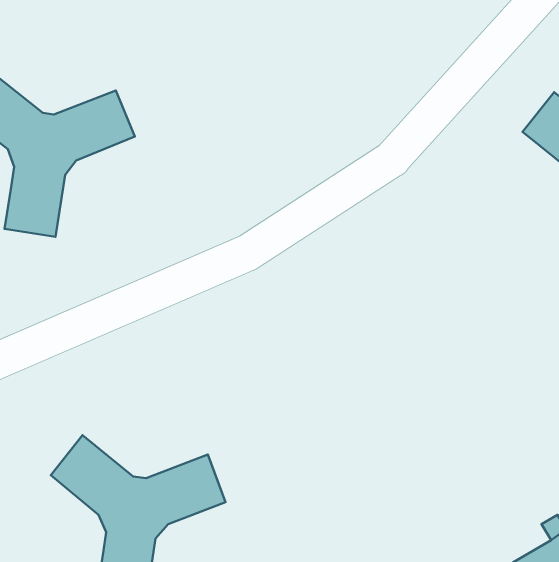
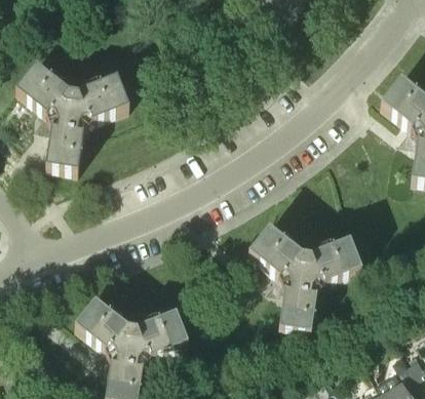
building: none -> [249,226,362,332]

